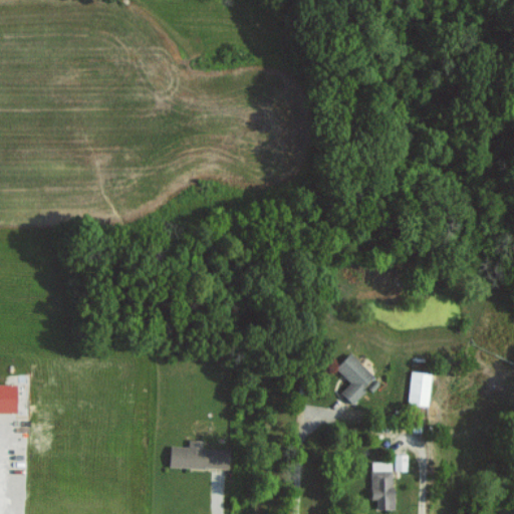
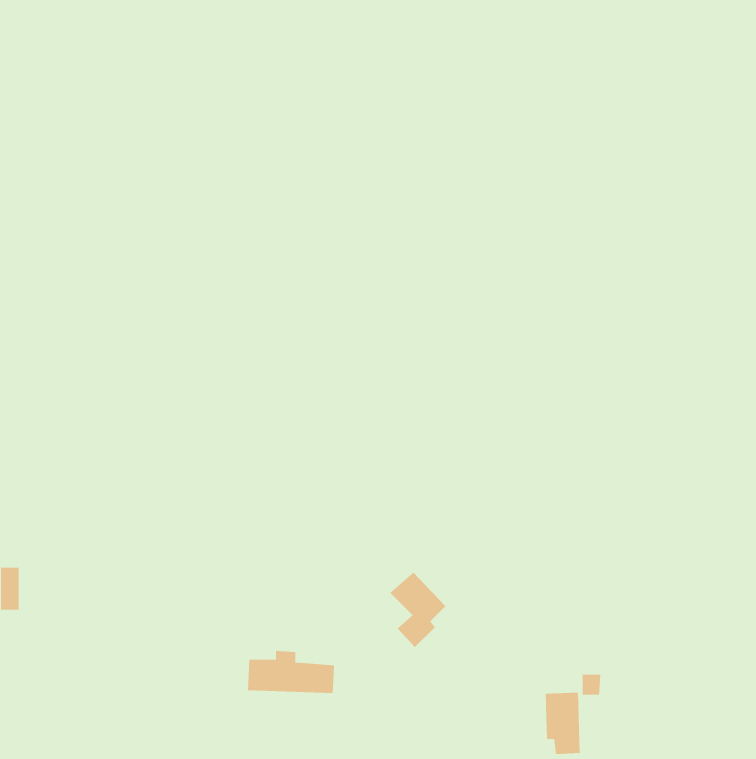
building: [335,353,373,405] -> [390,572,446,648]
building: [409,371,431,406] -> none

